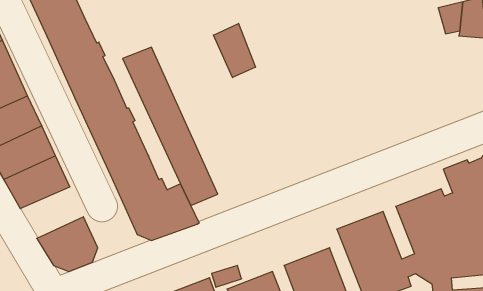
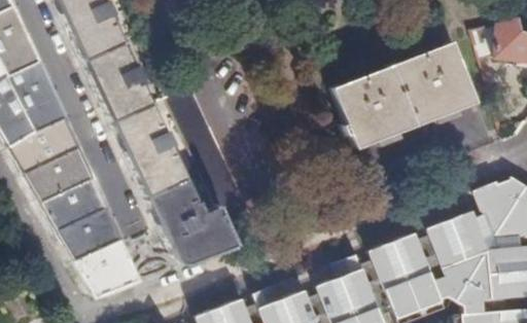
building: none -> [331,41,473,147]
building: [213,23,255,78] -> none
building: none -> [57,209,119,260]

